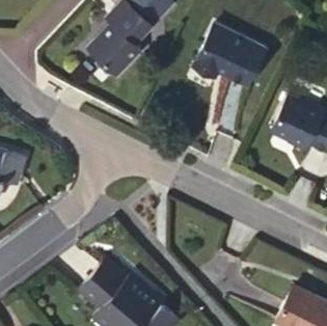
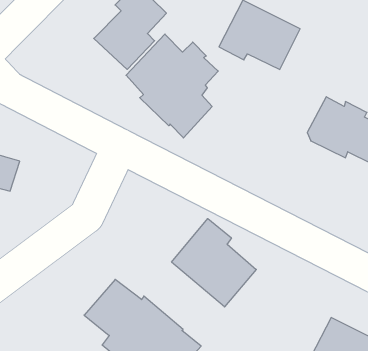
building: none -> [126,34,218,138]
building: none -> [172,219,256,307]

